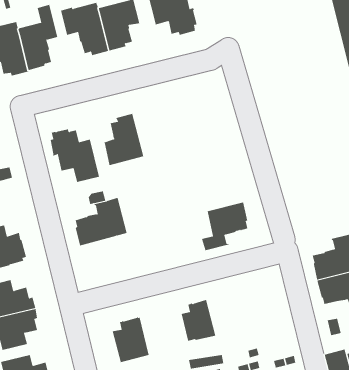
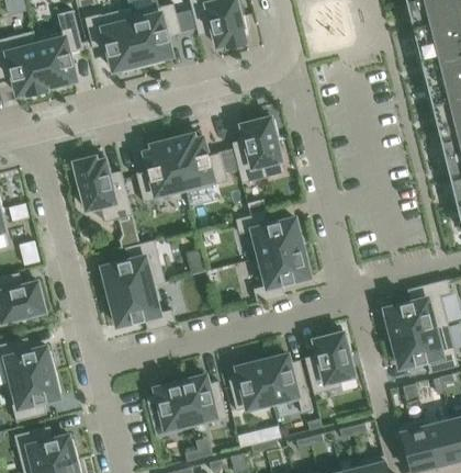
building: none -> [232,115,283,183]
building: none -> [171,134,226,191]
building: none -> [235,212,303,256]
building: none -> [108,285,176,330]
building: none -> [304,330,353,394]
building: none -> [259,353,312,413]
building: none -> [180,374,227,427]

